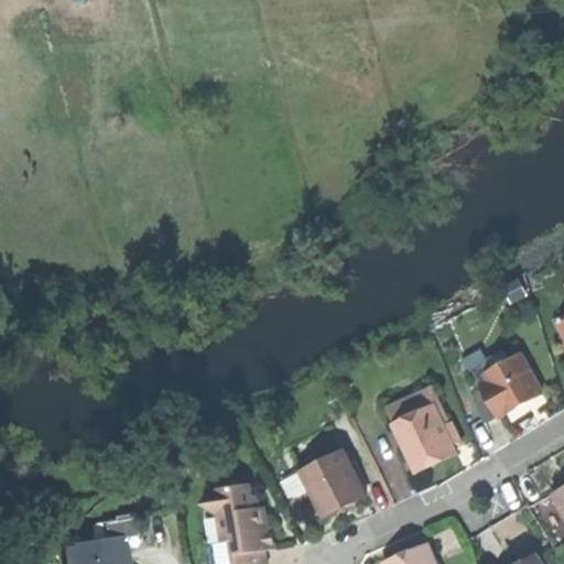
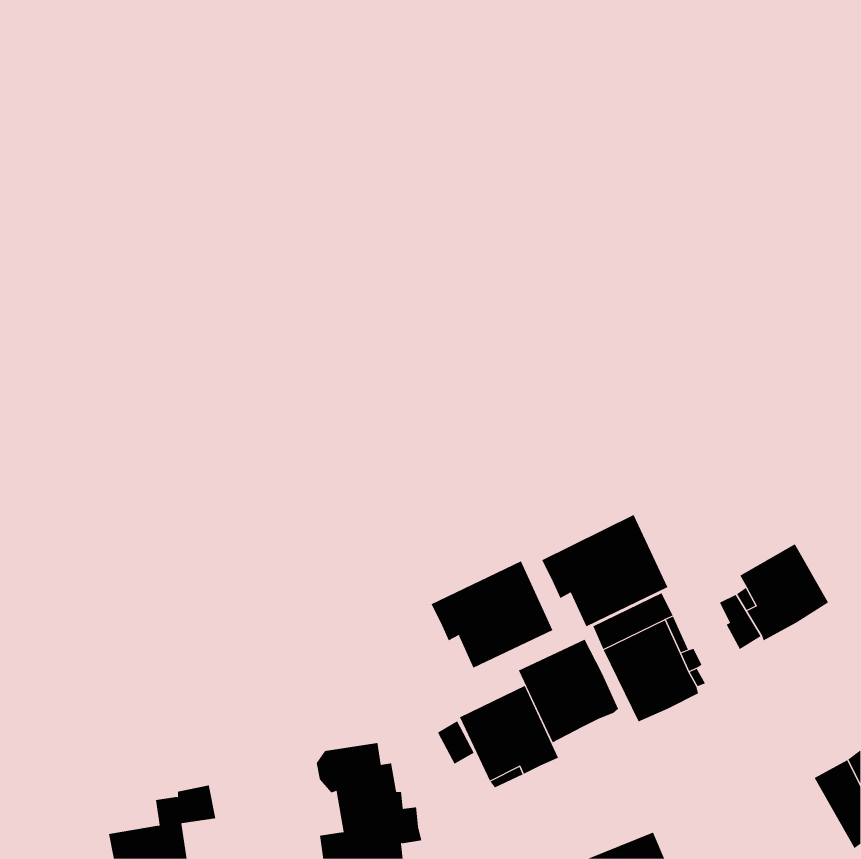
building: none -> [541,514,668,627]
building: none -> [431,560,553,669]
building: none -> [518,639,619,743]

